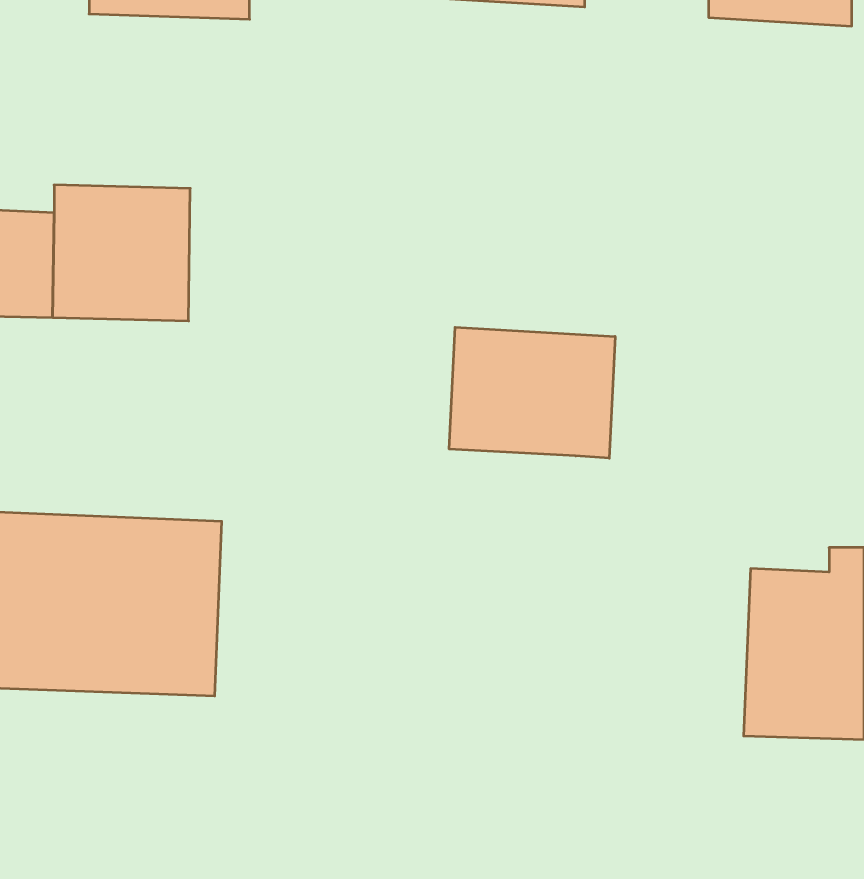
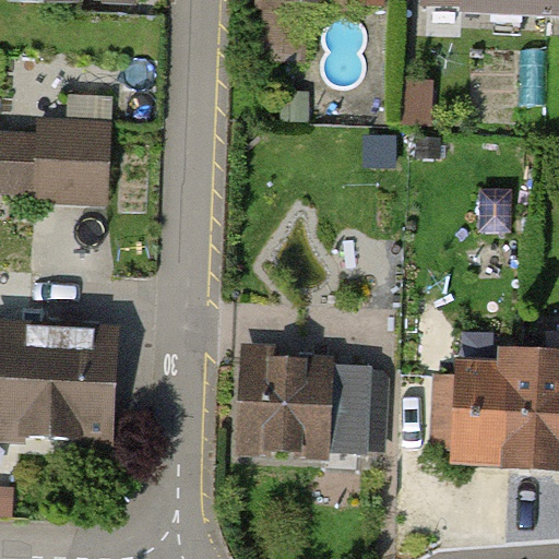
building: [449,327,615,458] -> none
building: none -> [218,347,383,457]

